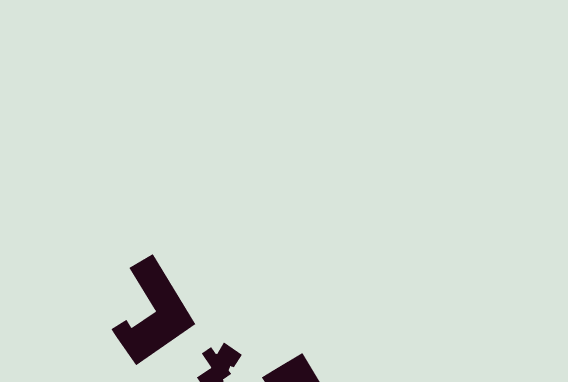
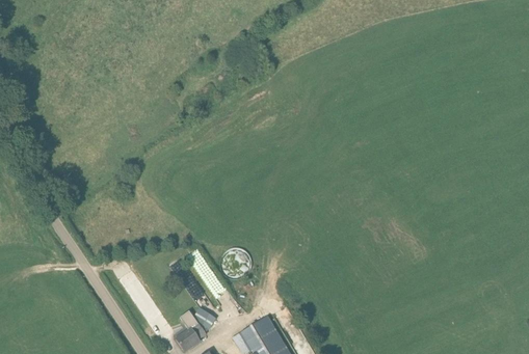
building: [110,253,196,366] -> none

